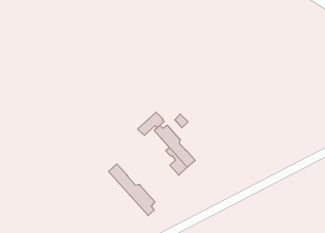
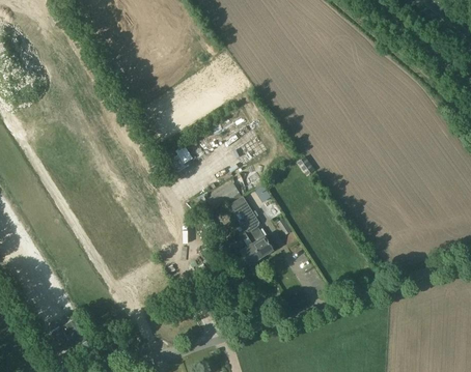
building: [108,164,155,216] -> none

